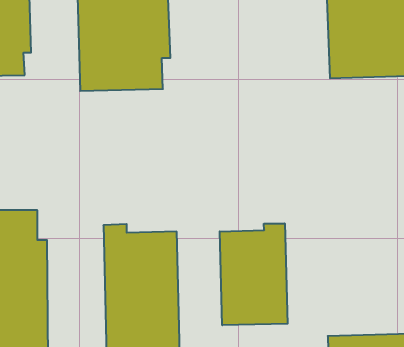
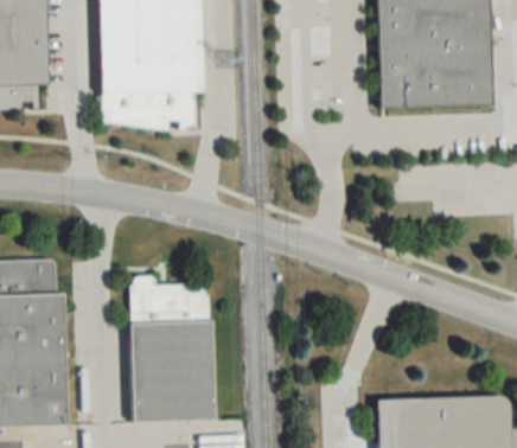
building: [220,223,288,325] -> none

